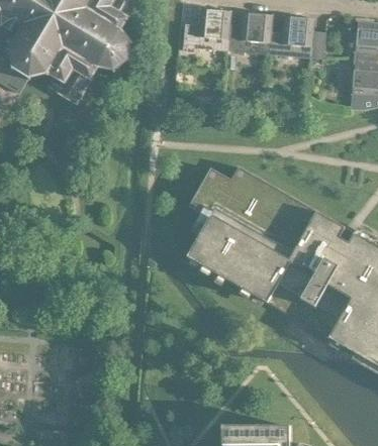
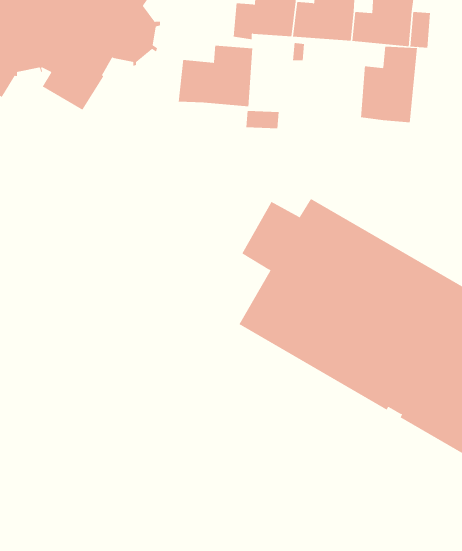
building: none -> [178,45,253,107]
building: none -> [361,46,418,123]

